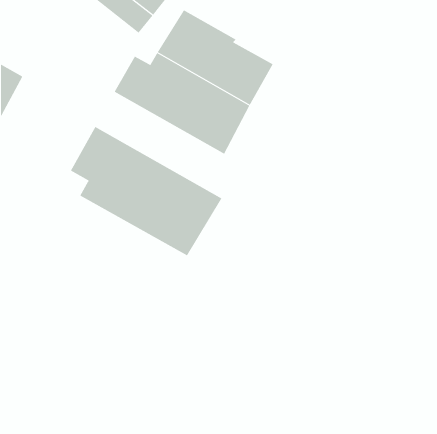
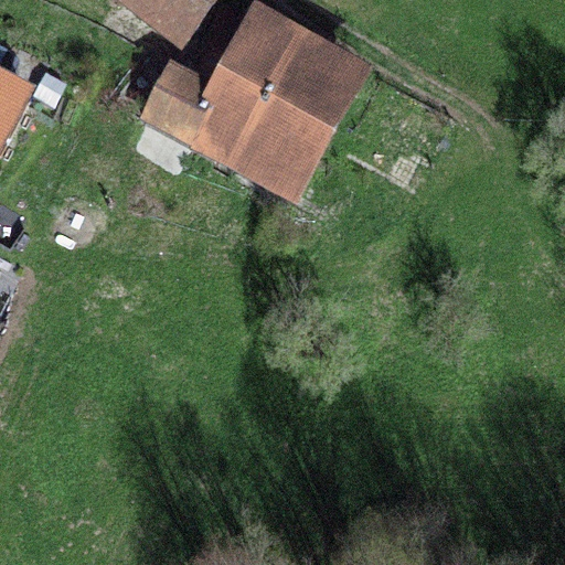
building: [70,126,222,256] -> none

